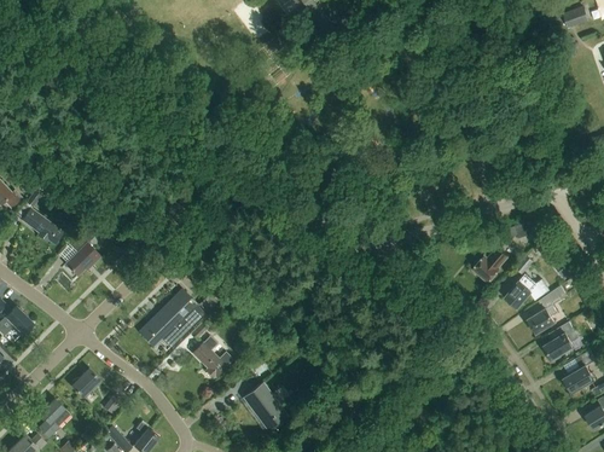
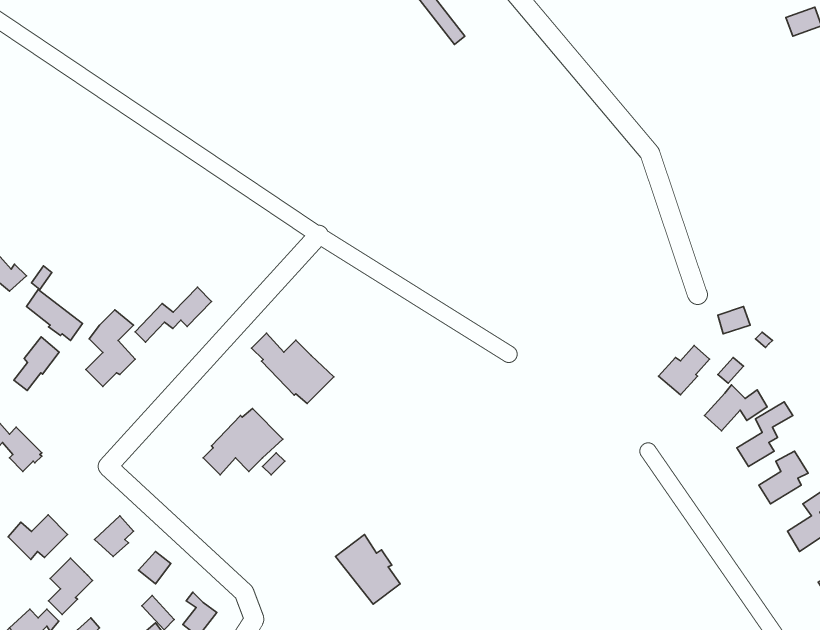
building: none -> [135,287,211,342]
building: none -> [252,333,334,404]
building: none -> [14,337,59,390]
building: [190,342,225,378] -> none
building: none -> [8,515,67,560]

